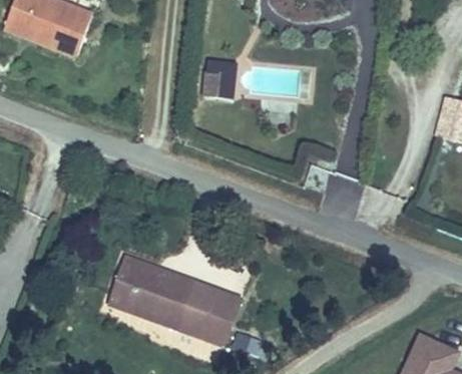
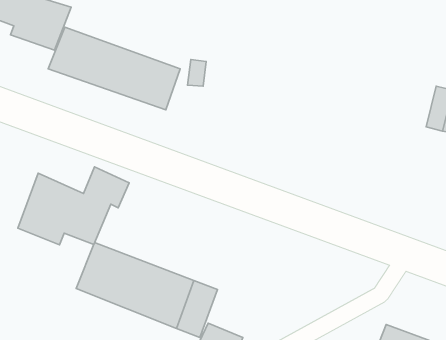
building: none -> [48,27,180,110]
building: none -> [18,167,129,245]

